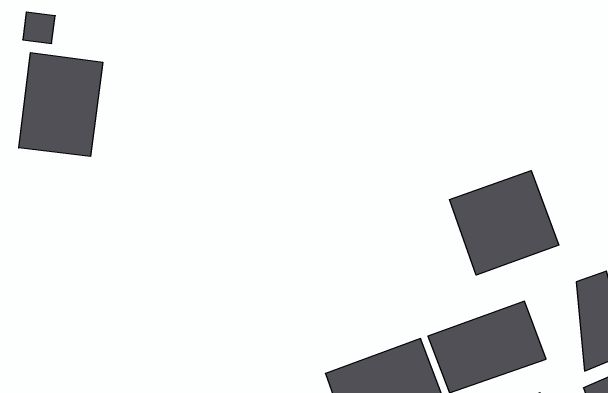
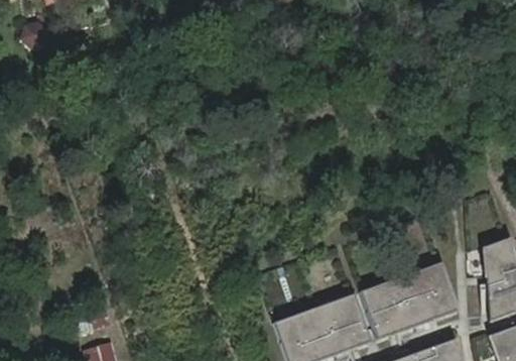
building: [19,53,103,156] -> none
building: [449,171,559,275] -> none

